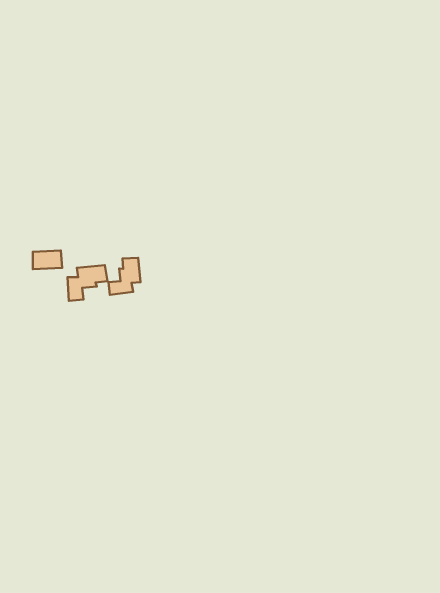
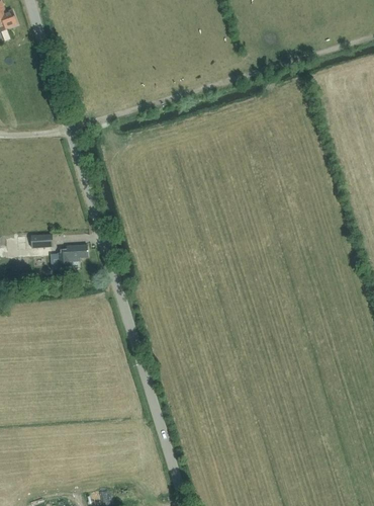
building: [109,258,141,295] -> none

